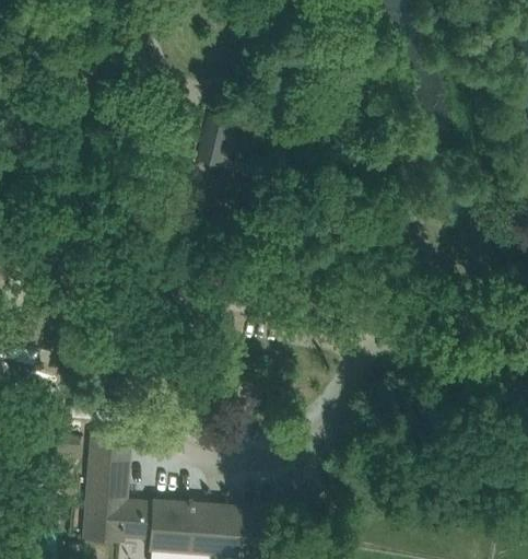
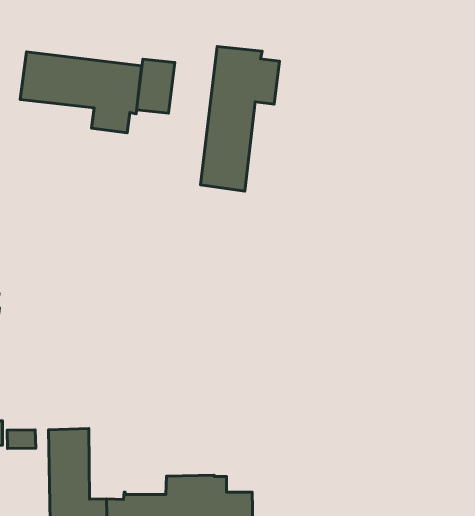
building: none -> [20,52,141,133]
building: none -> [200,46,280,191]

